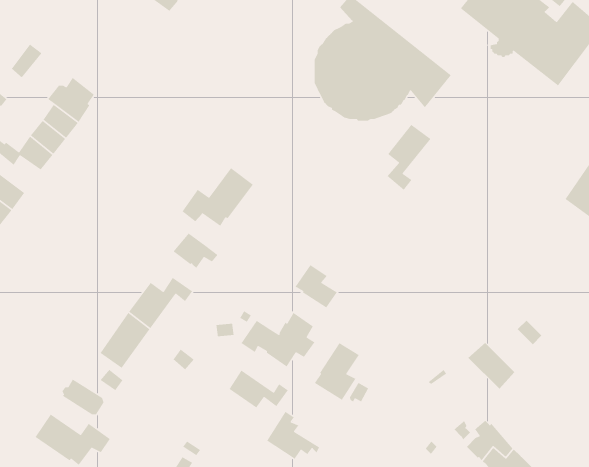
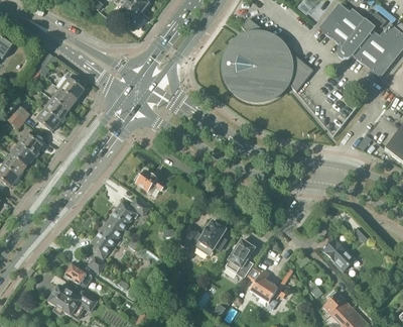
building: [387,124,432,191] -> none
building: [181,167,254,227] -> none
building: [295,264,338,309] -> none
building: [228,369,289,409] -> none
building: [266,411,320,460] -> [250,269,284,301]

